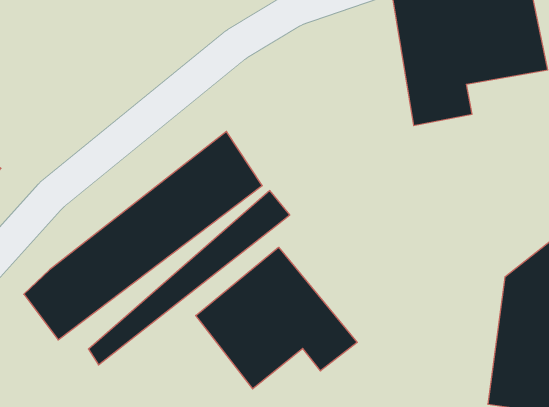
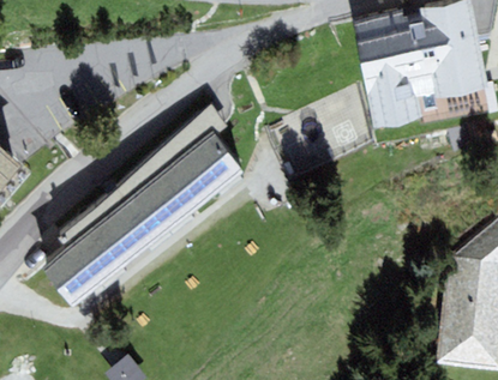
building: [88,191,290,365] -> [59,103,228,249]
building: [196,247,357,389] -> none

